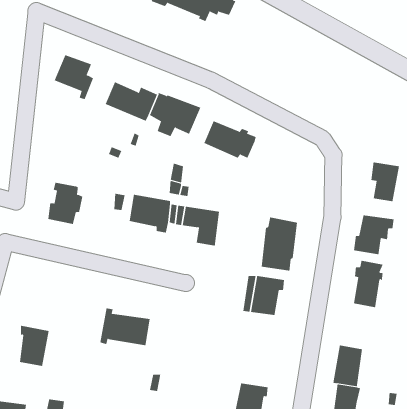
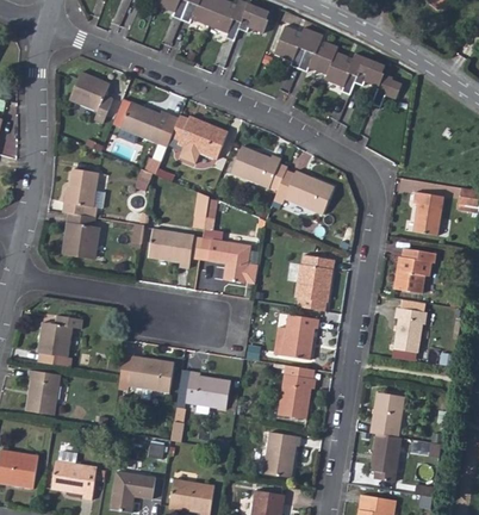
building: none -> [265,18,393,103]
building: none -> [61,167,102,217]
building: none -> [275,167,335,212]
building: none -> [38,315,86,367]
building: none -> [278,365,316,417]
building: none -> [185,372,230,411]

